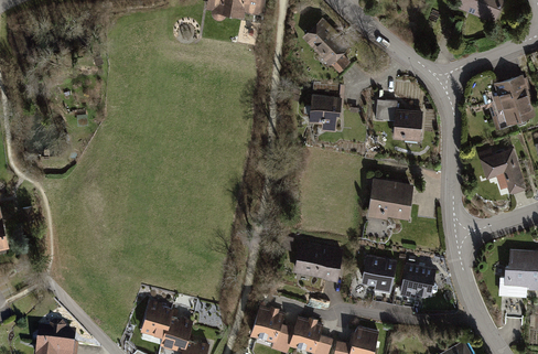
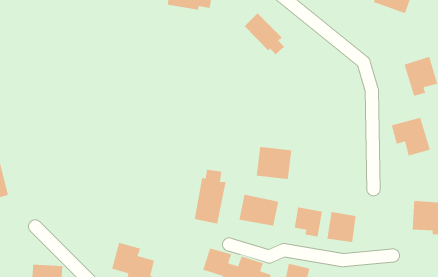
building: [306,93,341,132] -> none
building: [376,99,422,141] -> none
building: [368,178,412,218] -> [256,146,292,180]
building: none -> [194,169,227,224]

